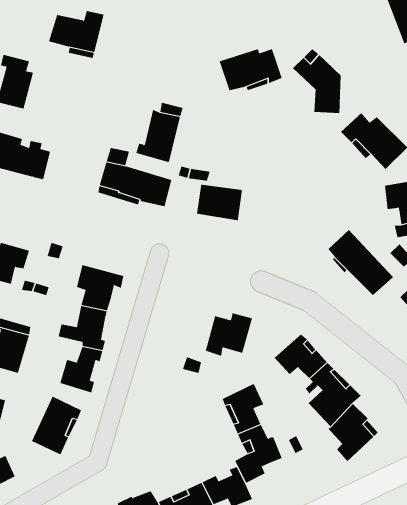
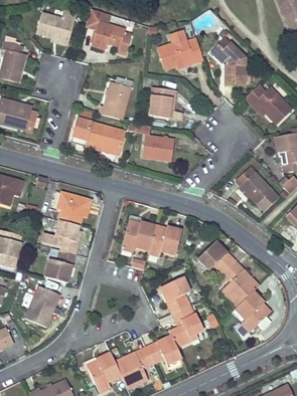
building: none -> [87,9,132,51]
building: none -> [149,86,177,118]
building: none -> [122,216,156,252]

